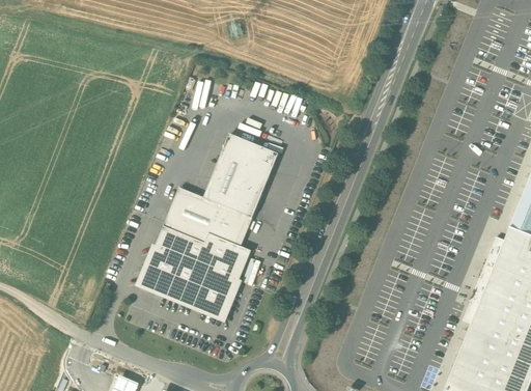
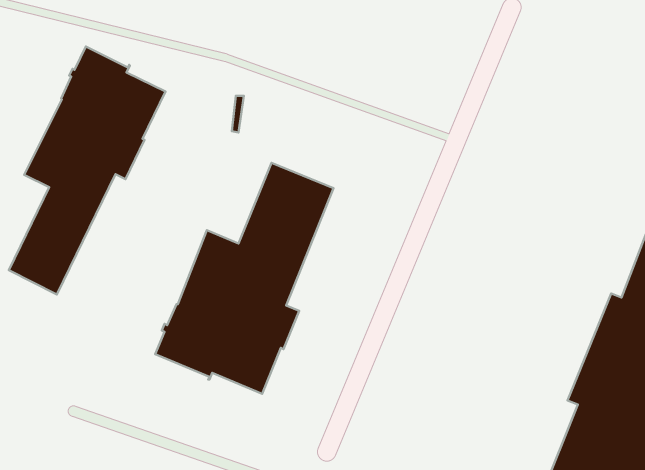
building: none -> [9,47,166,295]

